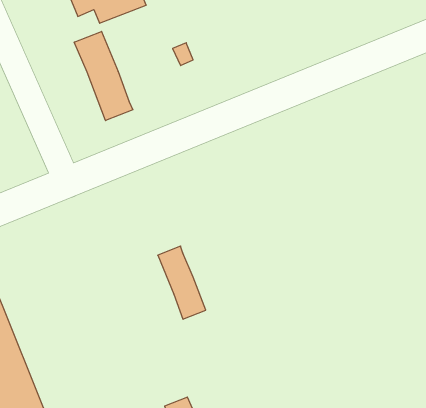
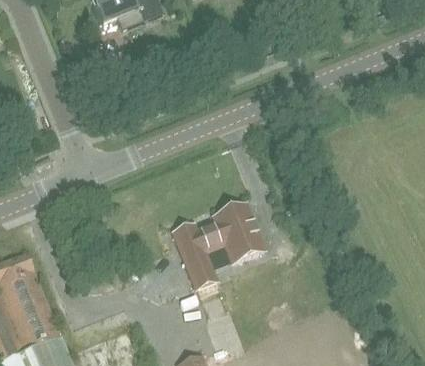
building: [74,31,133,121] -> none
building: none -> [195,202,263,261]

